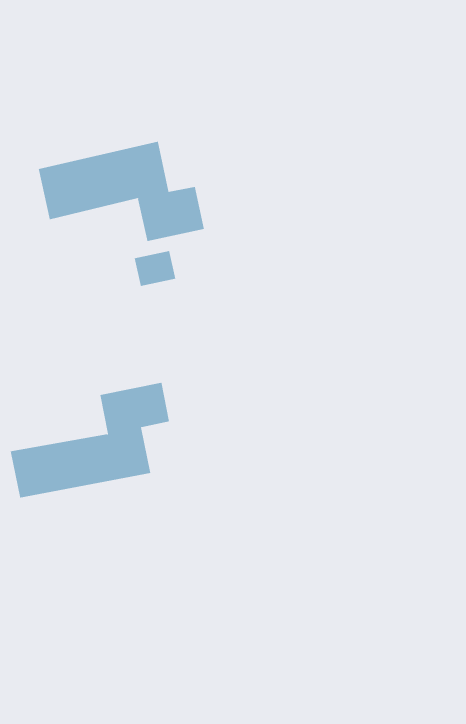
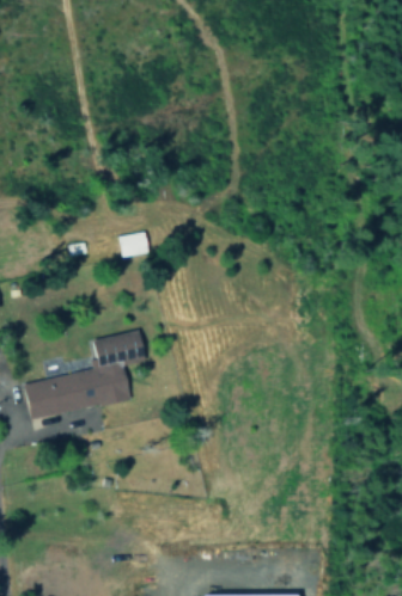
building: [38,141,204,242] -> none

